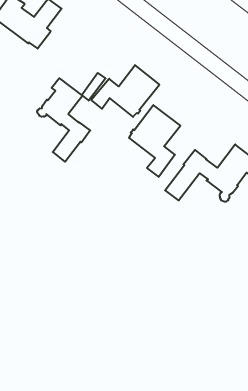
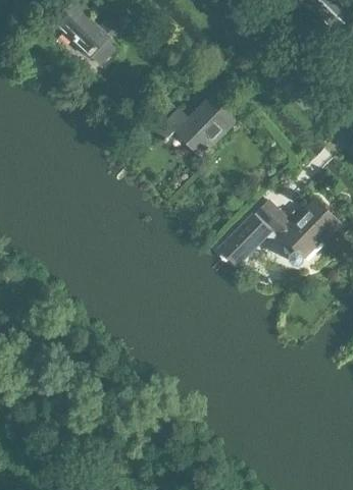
building: [37,78,90,162] -> none
building: [129,105,180,177] -> none

